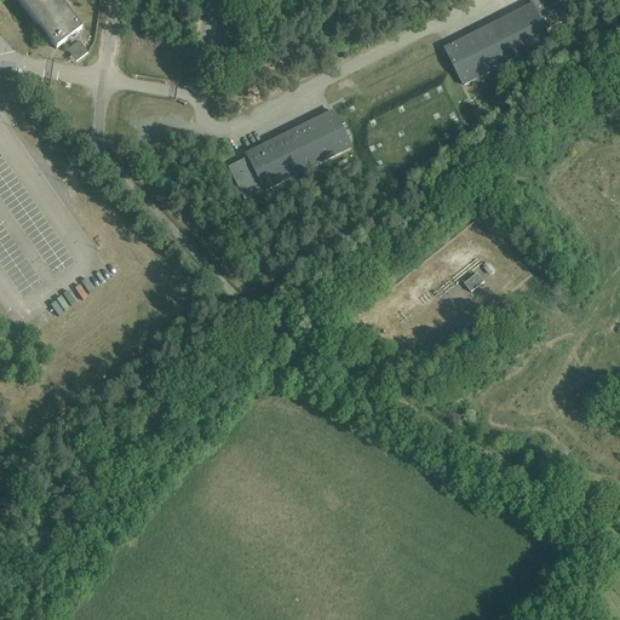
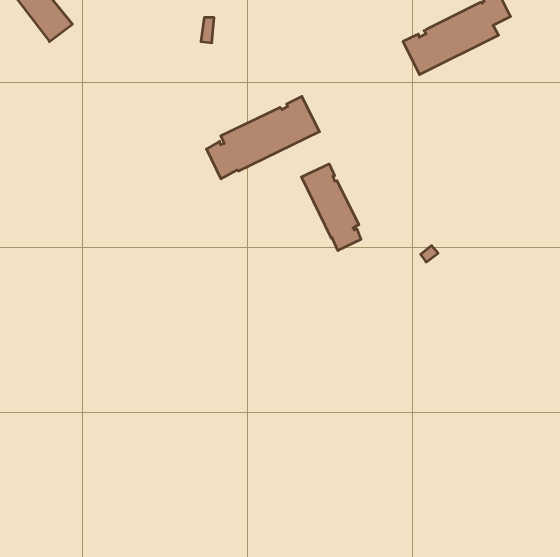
building: none -> [301,164,361,251]

